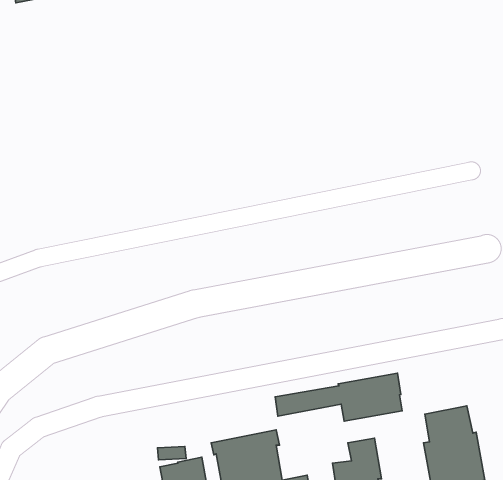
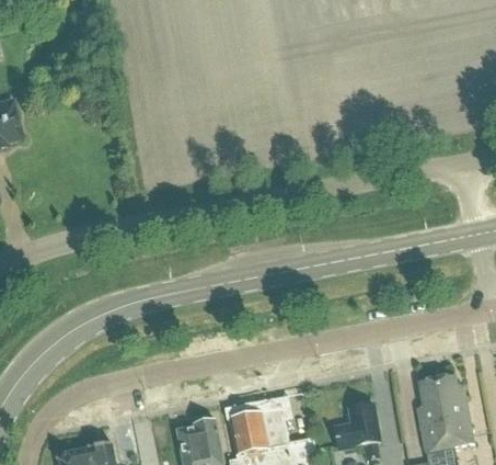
building: [275,373,402,421] -> none

